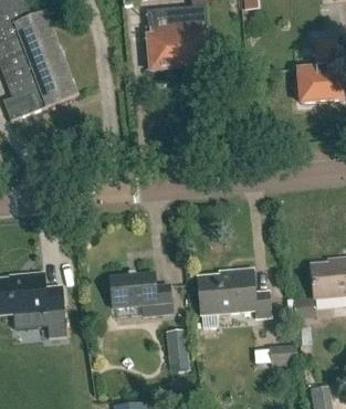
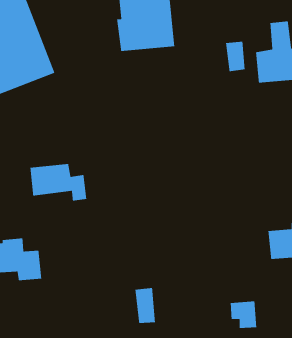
building: none -> [225,41,246,72]
building: [198,271,270,316] -> none
building: [109,273,172,315] -> [29,163,87,202]

